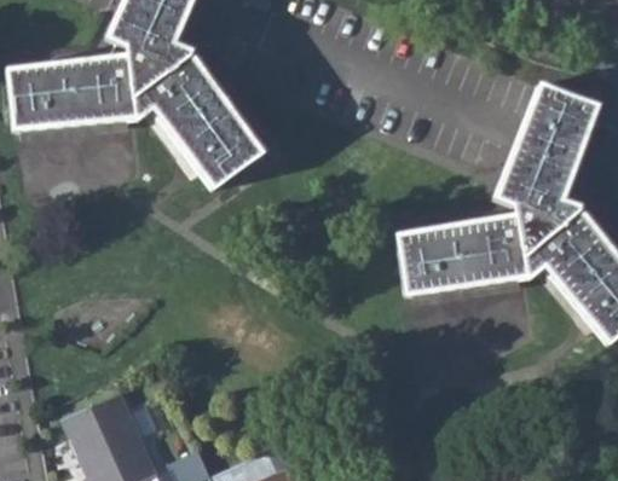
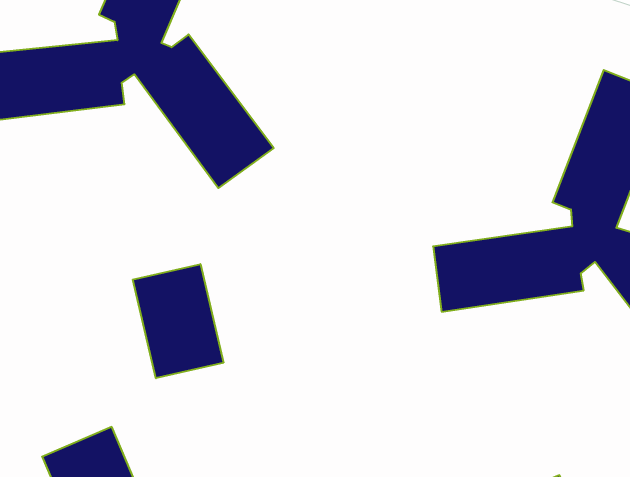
building: none -> [133,264,223,378]

